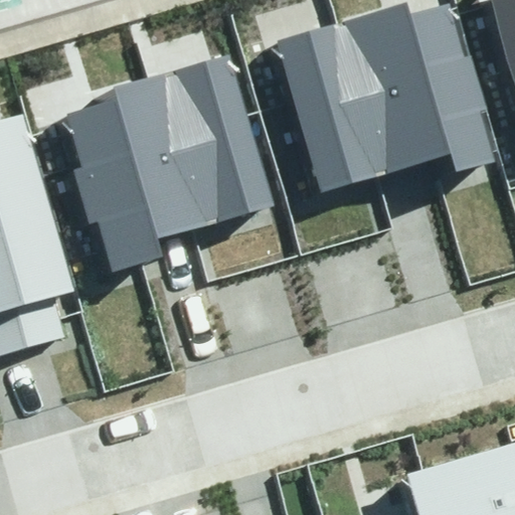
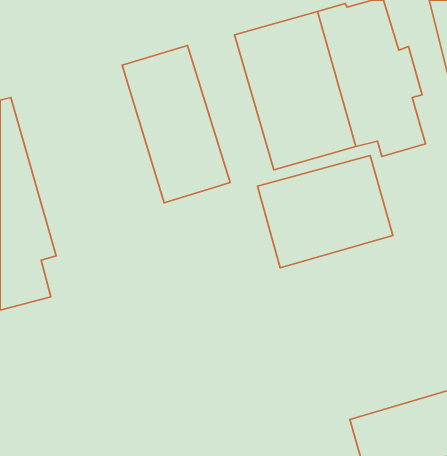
building: [60,74,195,273] -> none
building: none -> [257,156,393,268]

